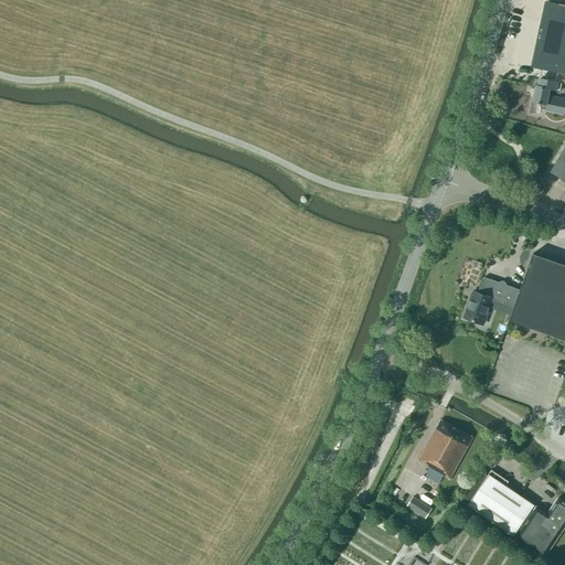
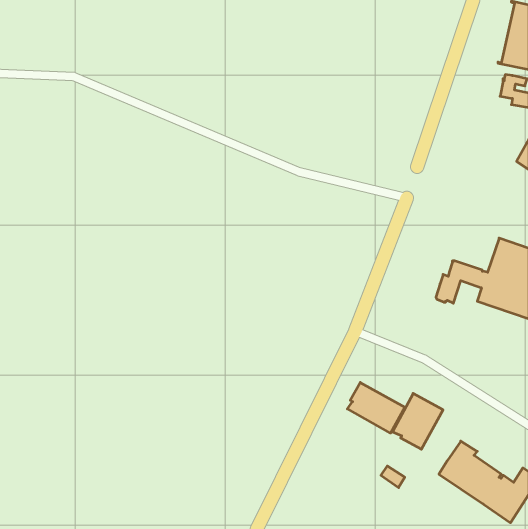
building: none -> [347,382,405,433]

